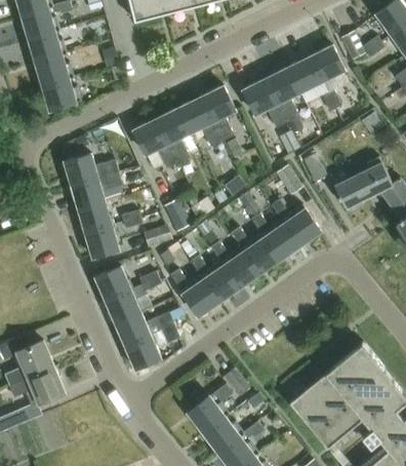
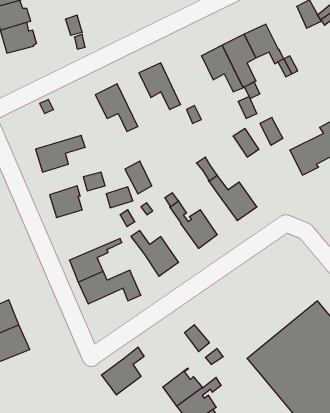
building: [309,45,342,81] -> none
building: [41,79,79,111] -> none
building: [200,85,234,140] -> none
building: [155,107,190,162] -> none
building: [64,153,118,186] -> none
building: [270,198,319,245] -> none
building: [78,201,114,233] -> none
building: [230,227,279,274] -> none
building: [190,256,239,303] -> none
building: [95,268,158,301] -> none
building: [125,334,160,368] -> none
building: [187,383,231,432] -> [101,347,144,395]

